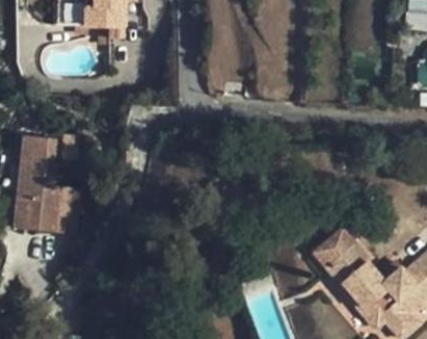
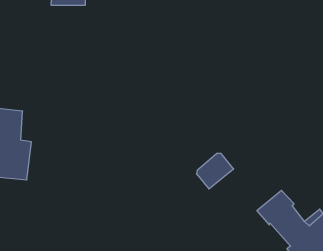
building: [313,227,356,268] -> [196,154,234,189]

